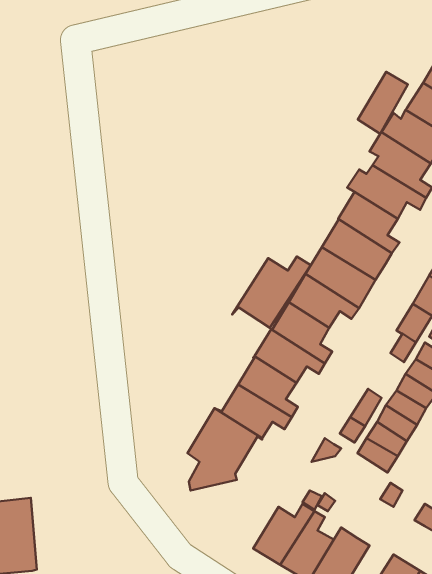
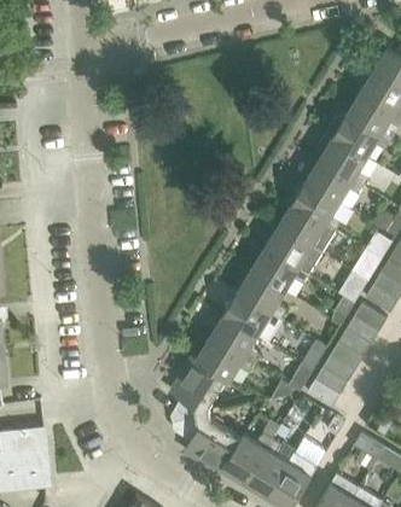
building: [358,72,408,134] -> none
building: [232,256,311,328] -> none
building: none -> [173,414,244,474]

